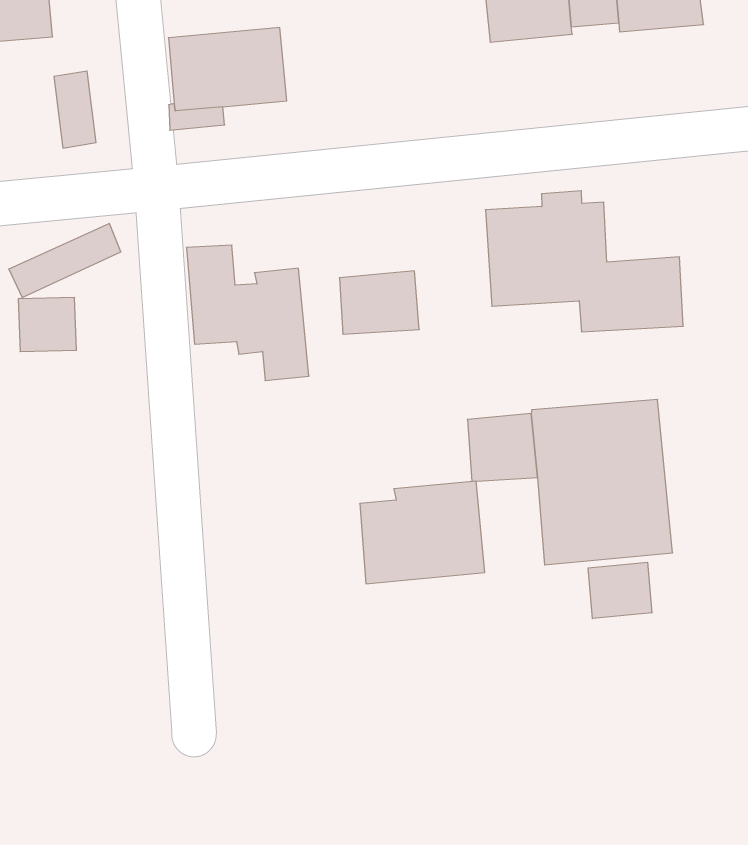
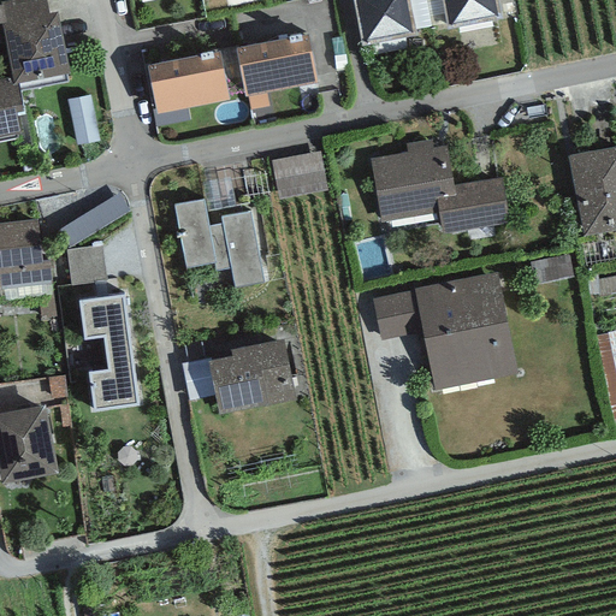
building: none -> [235,32,316,95]
building: [339,271,419,334] -> [272,152,328,199]
building: none -> [78,294,138,409]
building: [360,481,485,584] -> [208,338,296,414]
building: [588,562,652,619] -> none

